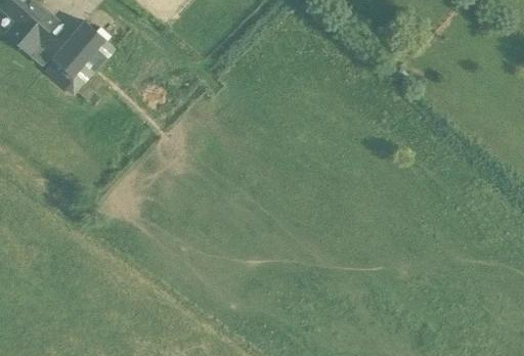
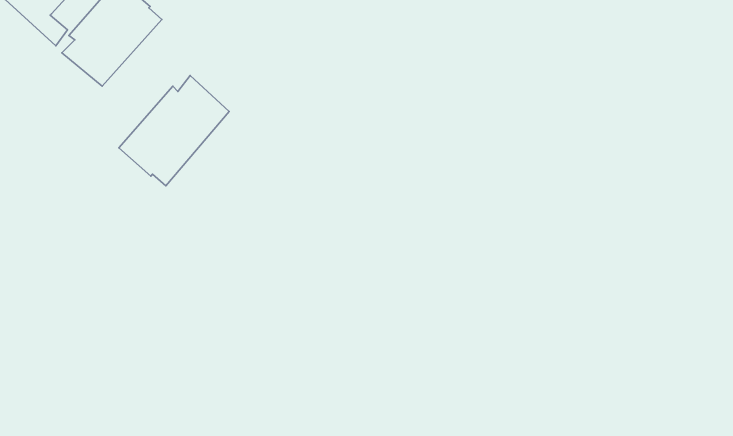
building: none -> [119,75,229,186]

